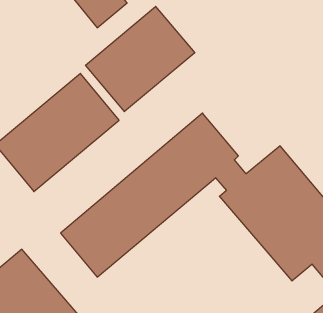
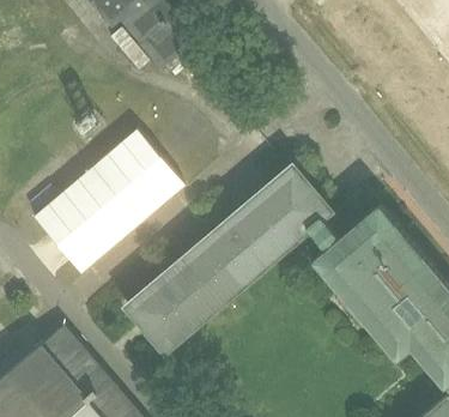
building: [86,6,195,112] -> none

